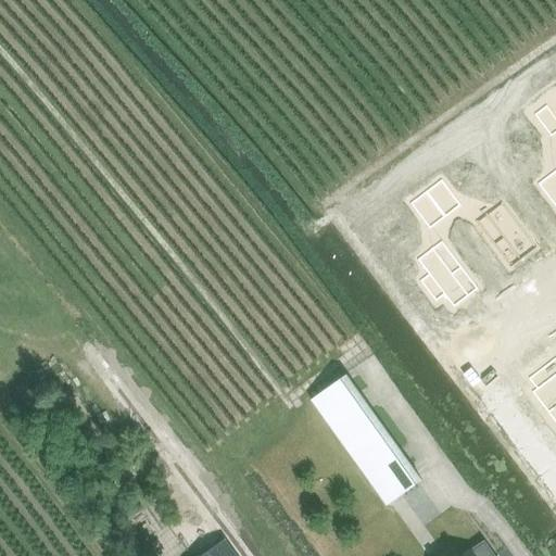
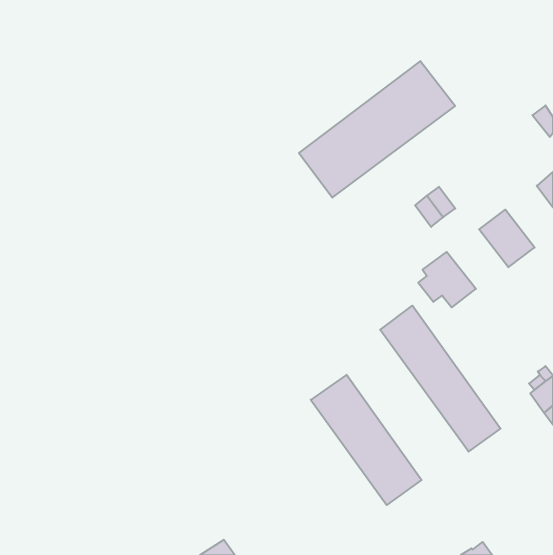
building: none -> [299,61,455,198]
building: none -> [380,306,501,452]

